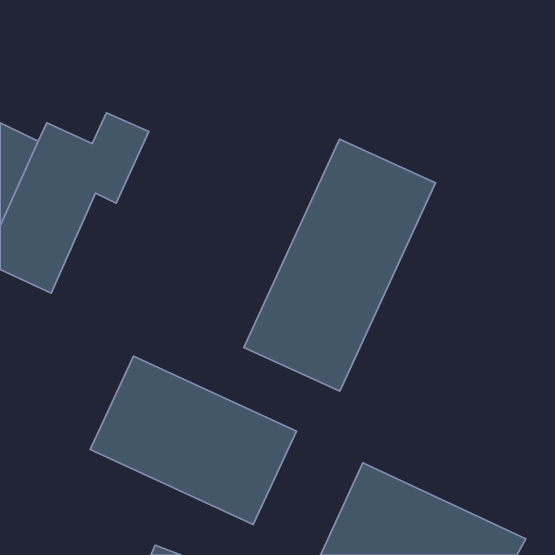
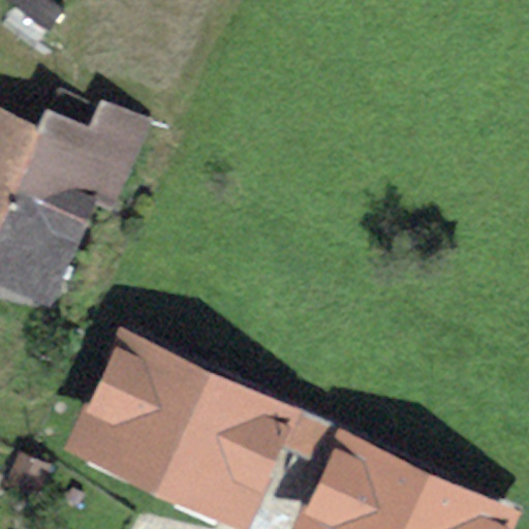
building: [244,139,436,391] -> none

